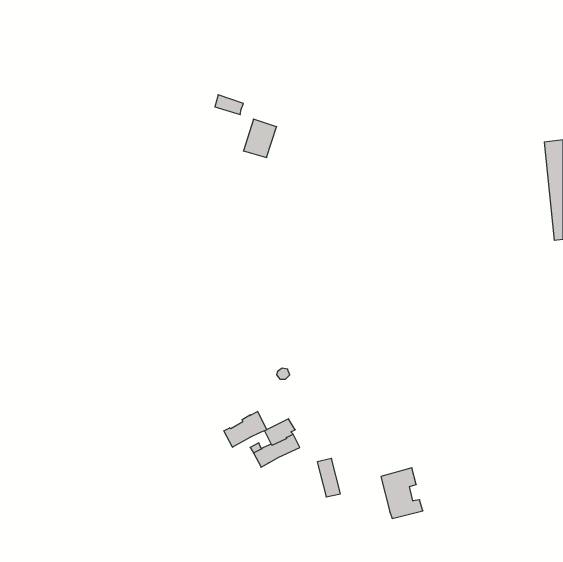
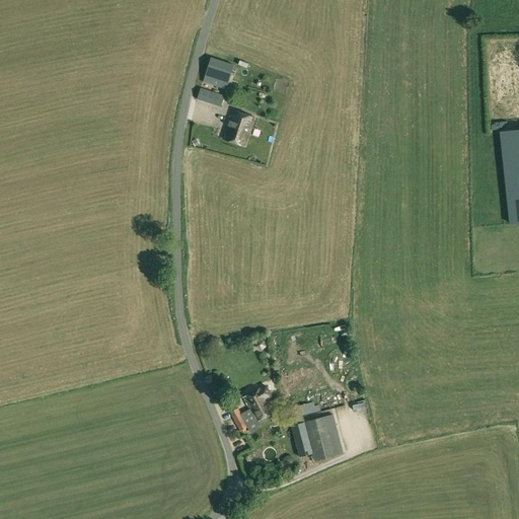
building: none -> [203,57,234,88]
building: [224,411,267,447] -> none
building: [381,468,423,518] -> [305,414,344,460]

